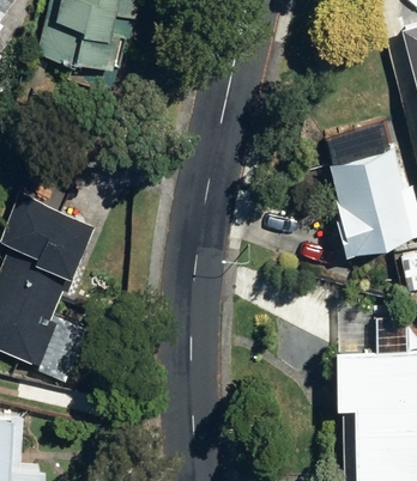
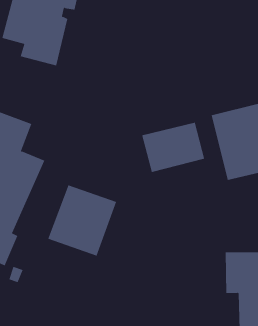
building: none -> [141,122,205,173]
building: none -> [47,184,117,257]

